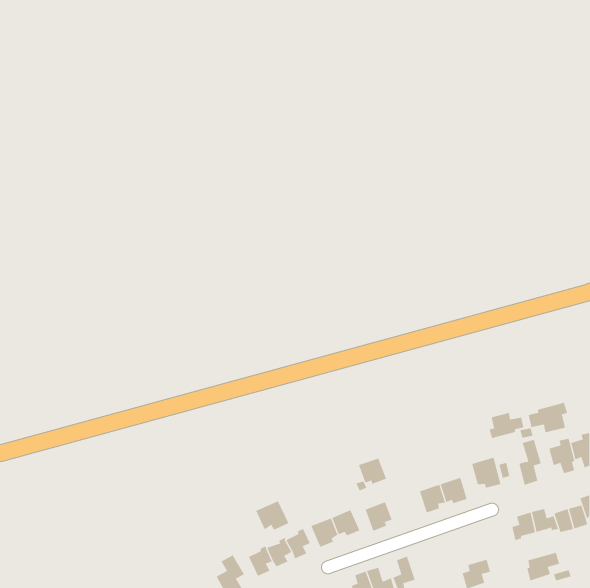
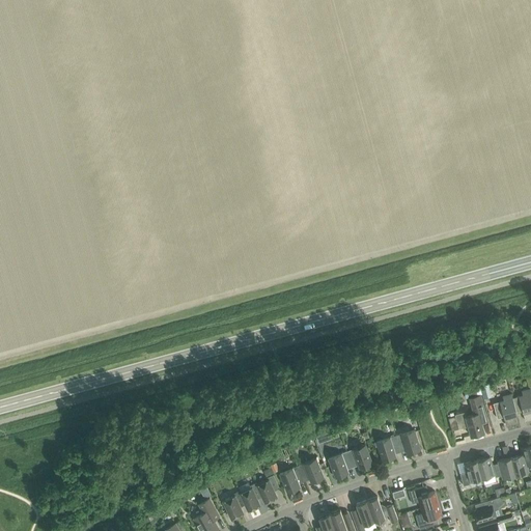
building: [528,402,568,433] -> none
building: [489,412,524,439] -> none
building: [471,457,501,489] -> none
building: [358,458,387,484] -> [346,446,372,470]
building: [255,500,289,530] -> none
building: none -> [408,487,438,509]
building: none -> [366,498,397,524]

